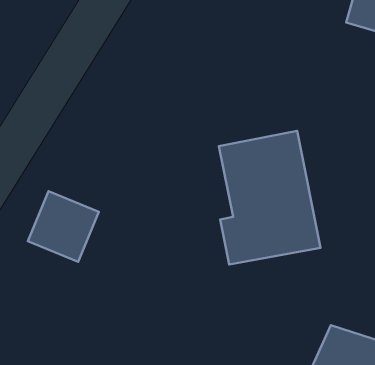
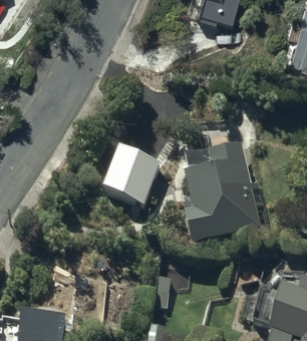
building: [28,191,99,262] -> [106,147,162,203]

